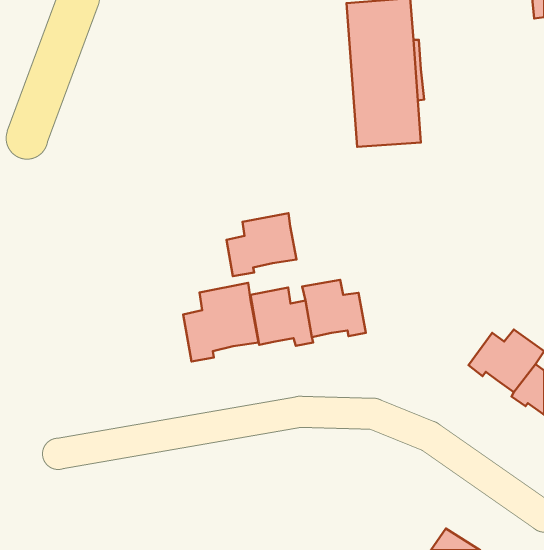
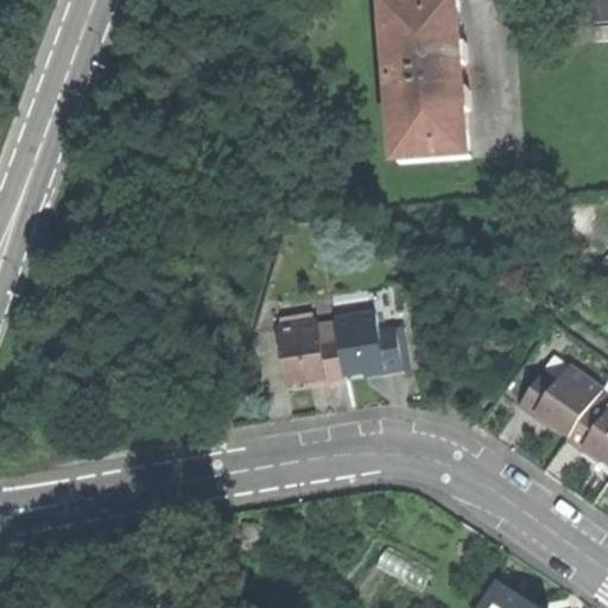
building: [226,213,297,276] -> none
building: [183,283,259,361] -> none

